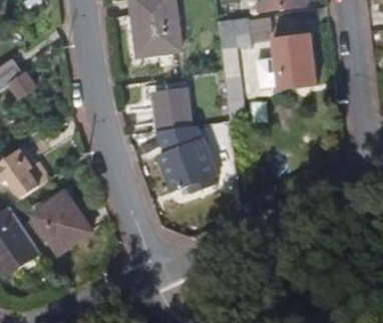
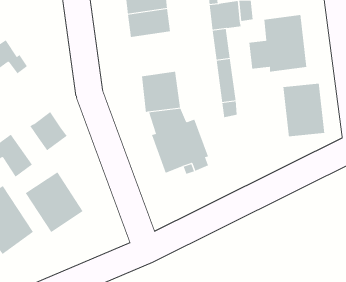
building: none -> [283,83,325,137]
building: none -> [29,111,68,151]

